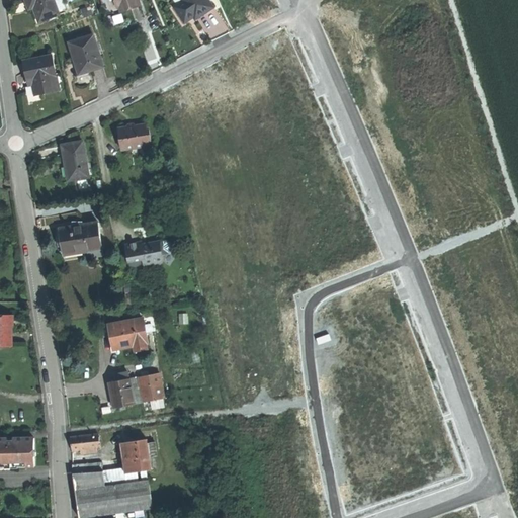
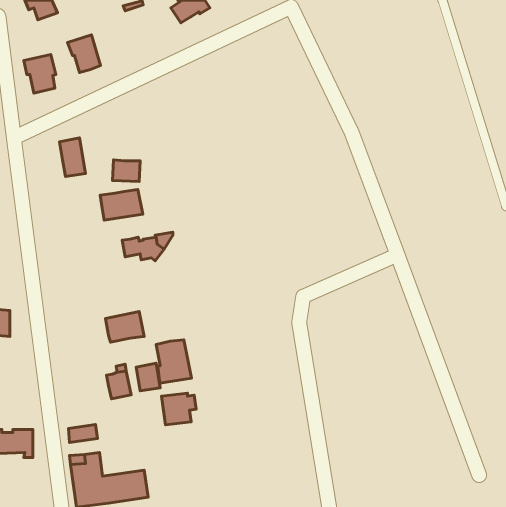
building: [113,128,142,151] -> [112,160,140,182]
building: [58,223,101,254] -> [100,189,143,220]
building: none -> [156,340,192,383]
building: [119,440,155,472] -> [162,393,196,425]

